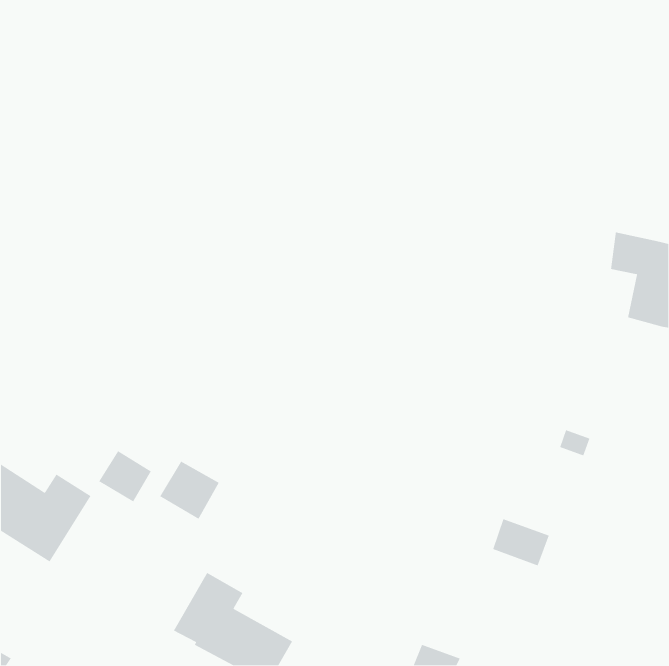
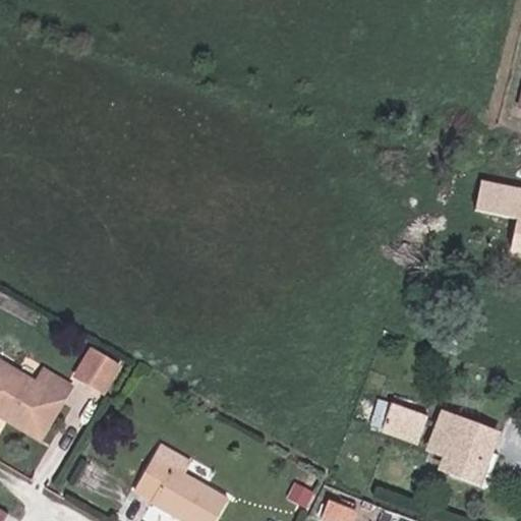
building: [159,460,220,520] -> none
building: none -> [428,412,498,480]

